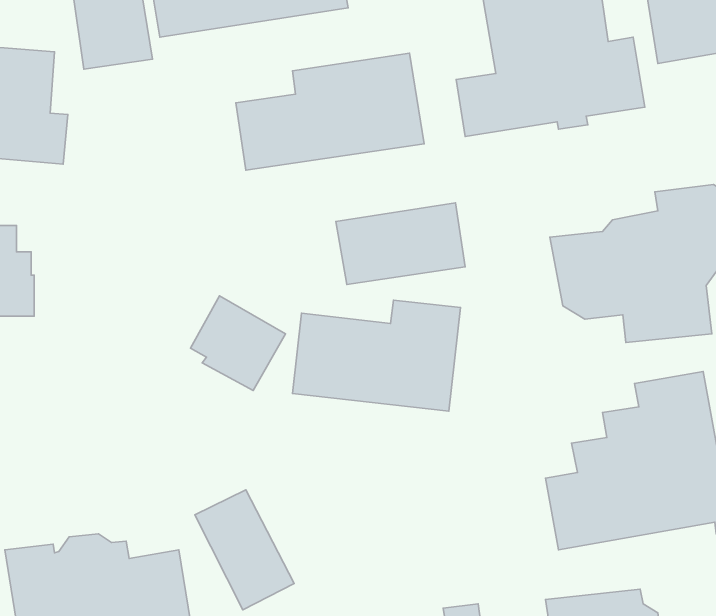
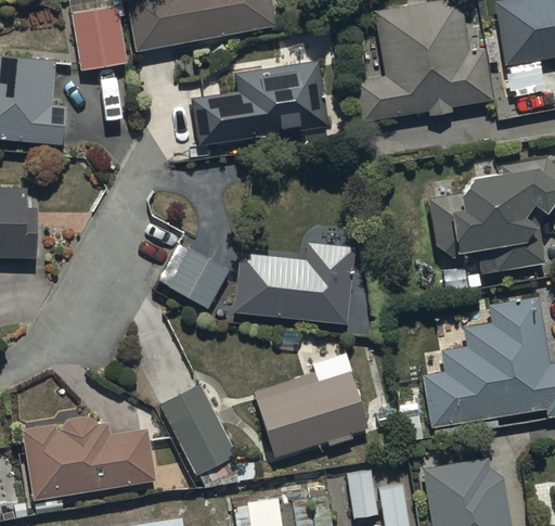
building: [336,203,465,284] -> none
building: none -> [254,354,369,459]

